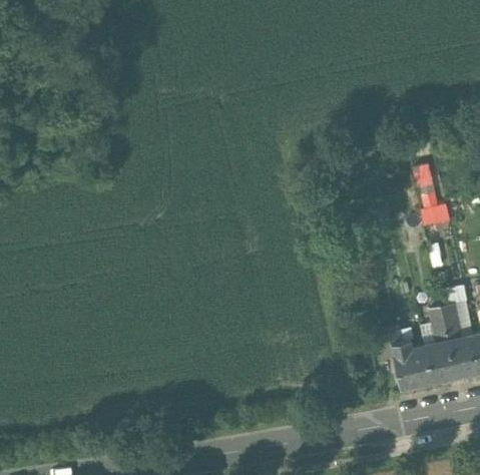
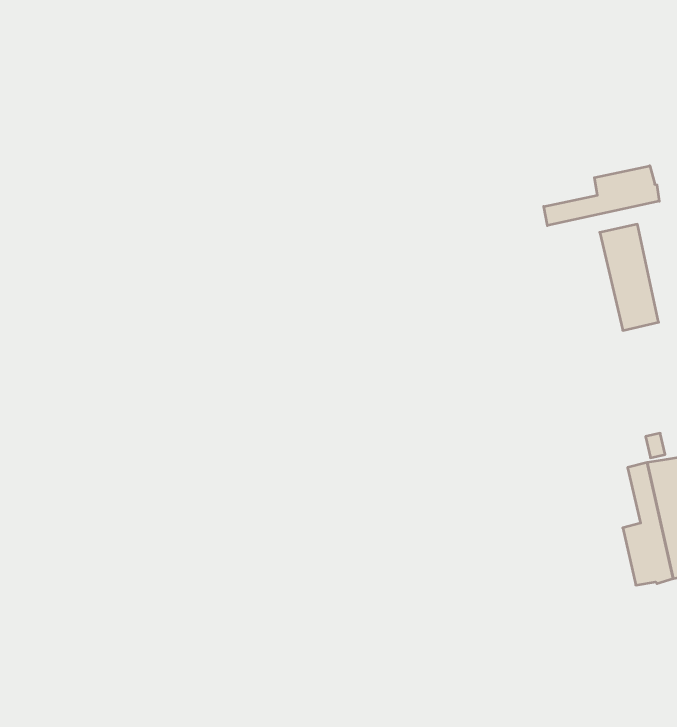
building: none -> [544,166,659,226]
building: [377,329,434,392] -> none

